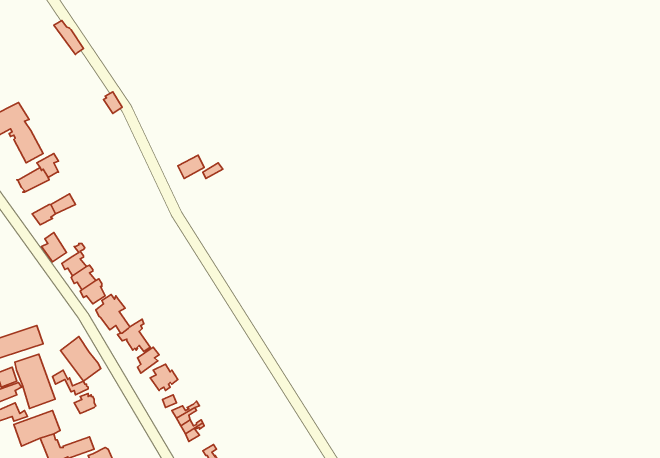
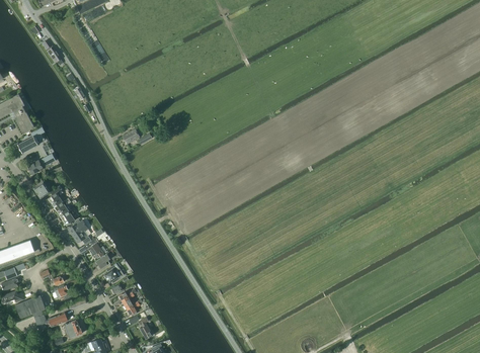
building: [60,337,101,381] -> none
building: [15,354,55,409] -> none

